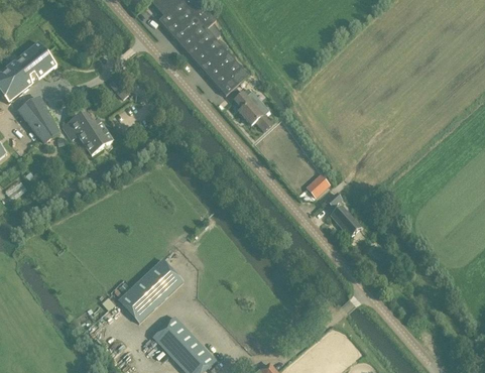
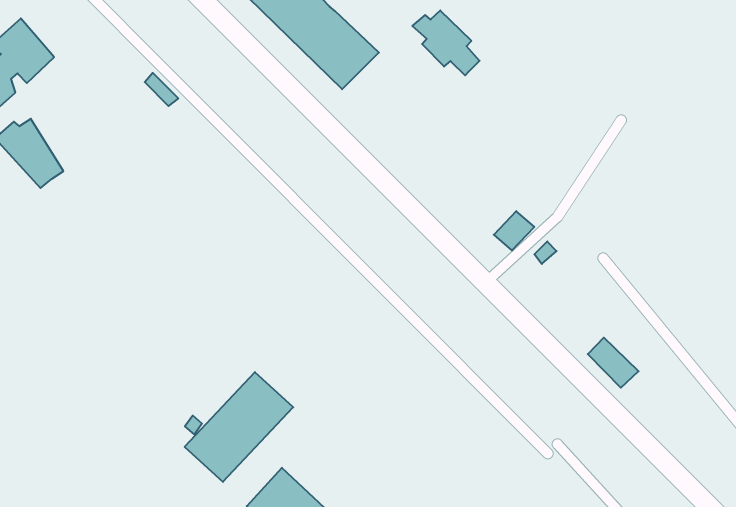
building: [234,91,272,130] -> [412,10,480,75]
building: [63,114,112,153] -> none
building: [331,206,360,236] -> [588,338,639,388]

